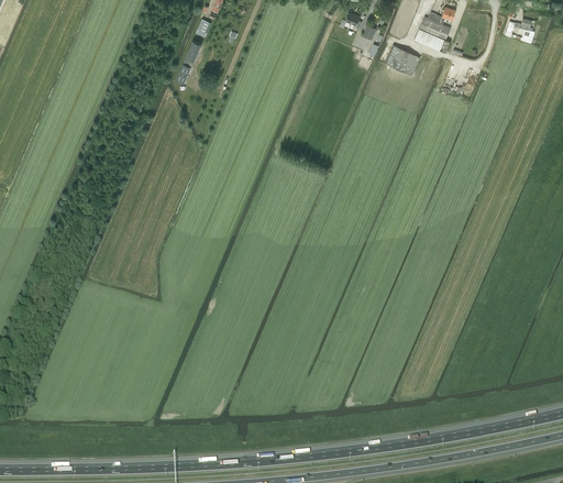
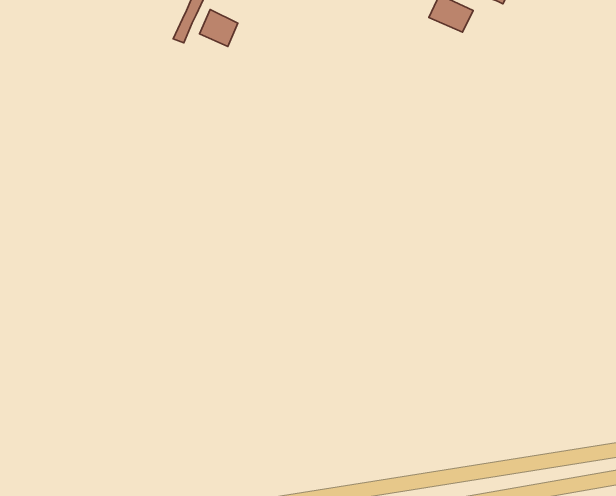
building: none -> [199,10,238,46]

